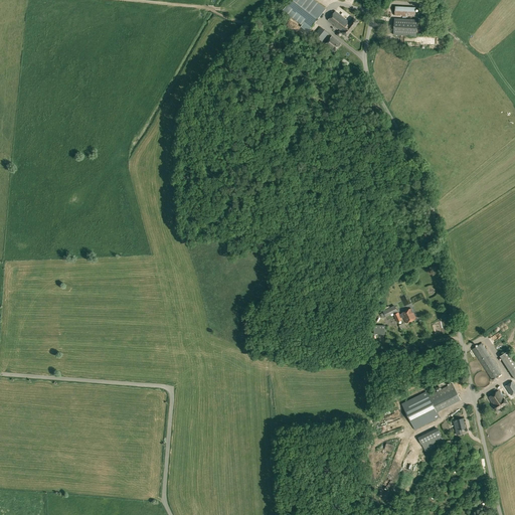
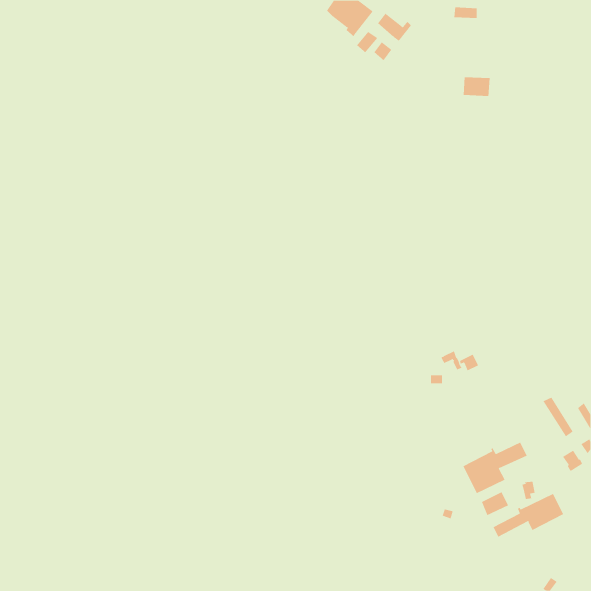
building: [393,18,417,35] -> [463,77,490,96]
building: none -> [493,493,564,538]

